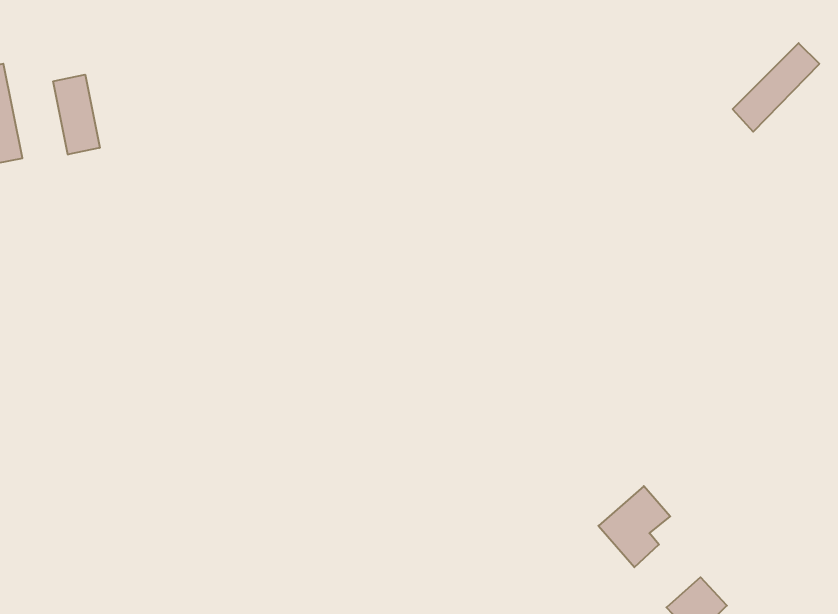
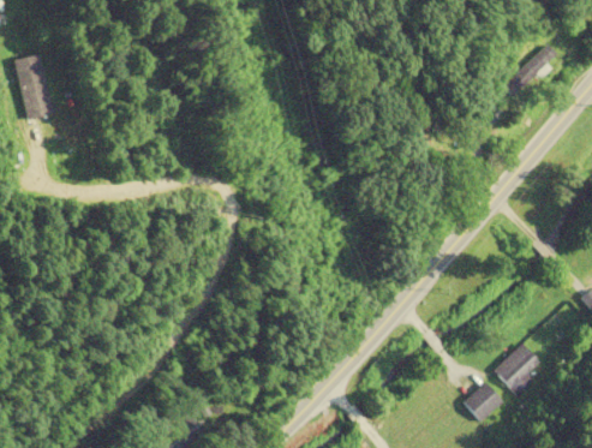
building: [53,75,100,155] -> none
building: [598,486,670,567] -> [494,342,539,394]

